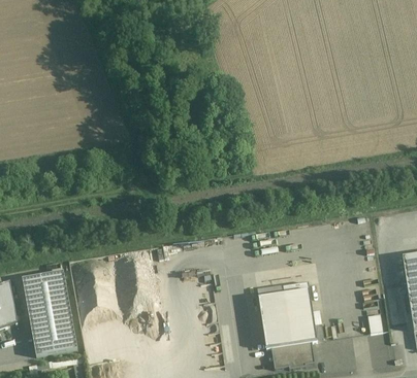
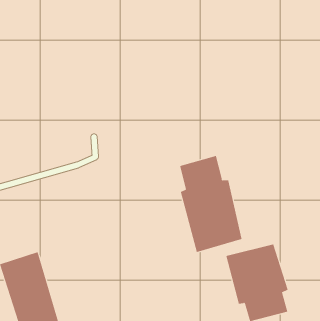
building: none -> [179,155,242,253]

